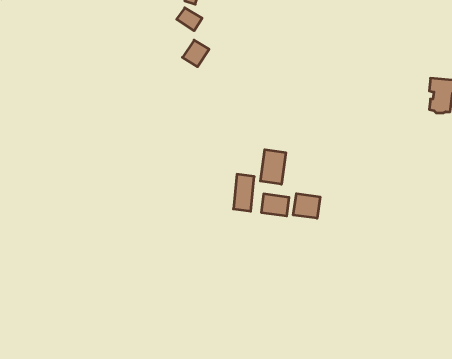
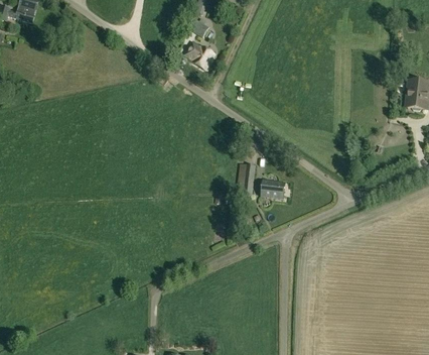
building: [260,150,286,184] -> none
building: [293,194,320,218] -> none

